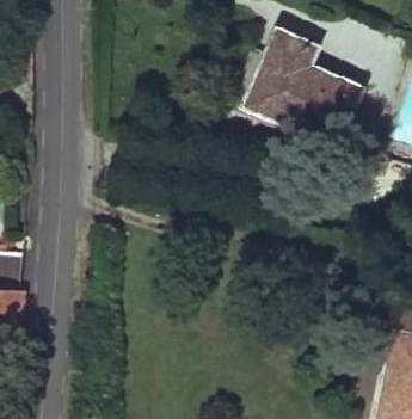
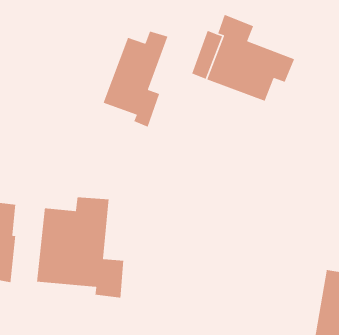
building: none -> [102,30,168,128]
building: none -> [36,197,124,298]

